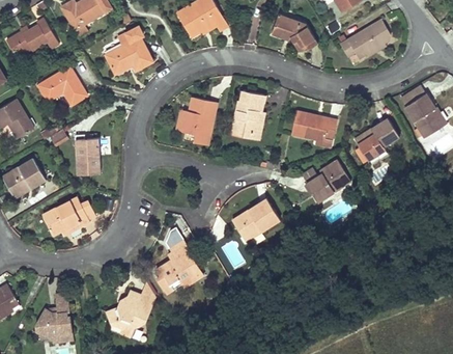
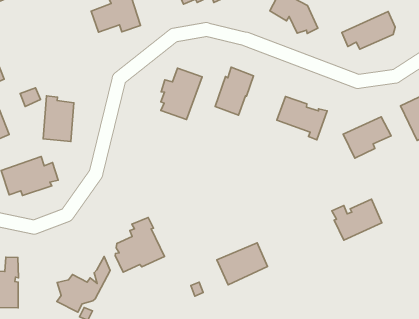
building: [37,66,87,106] -> none
building: [303,159,350,200] -> [332,199,382,240]
building: [232,198,280,241] -> [217,243,267,285]

